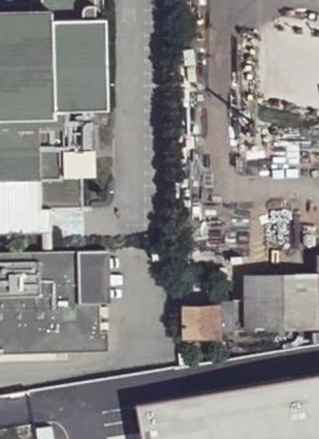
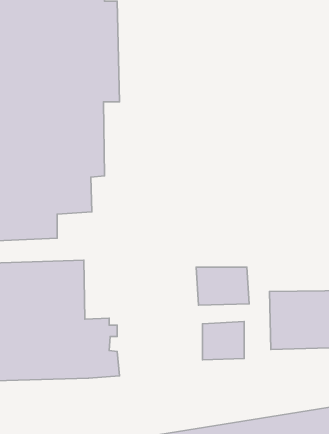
building: [77,249,107,302] -> none
building: none -> [196,267,249,305]

